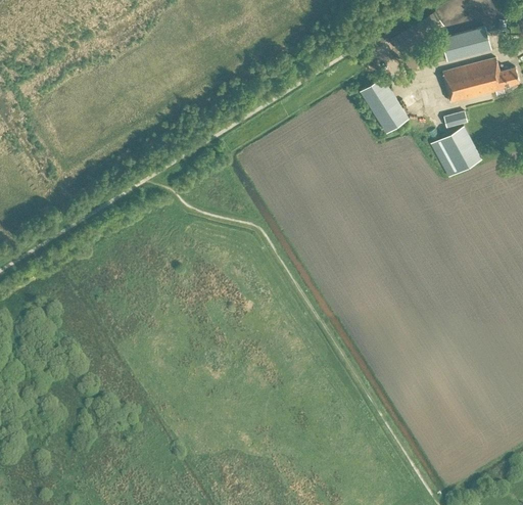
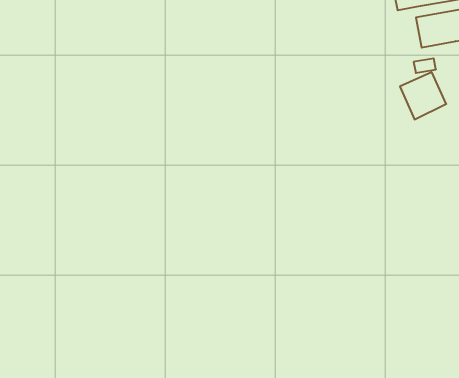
building: [361,78,408,133] -> none

